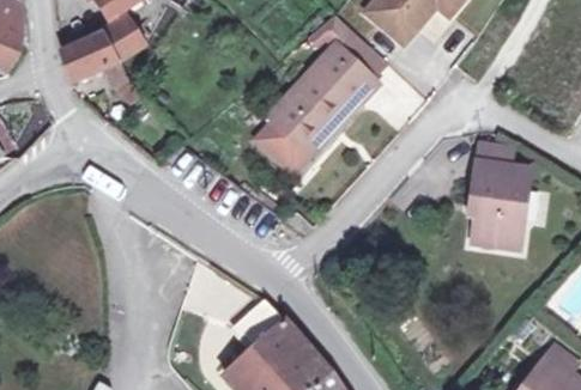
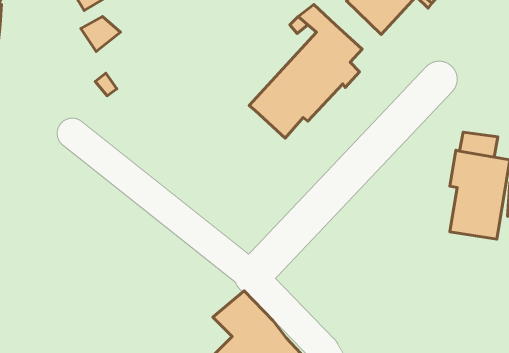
building: [60,39,117,85] -> none
building: [259,121,328,169] -> none

